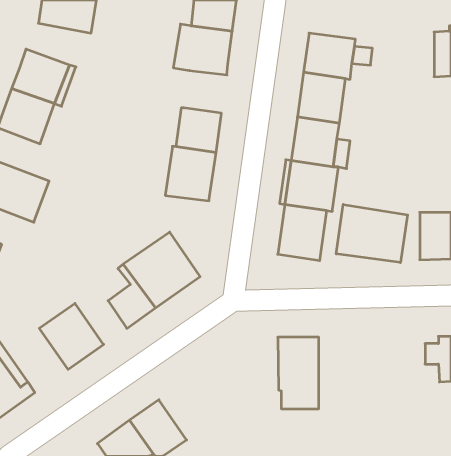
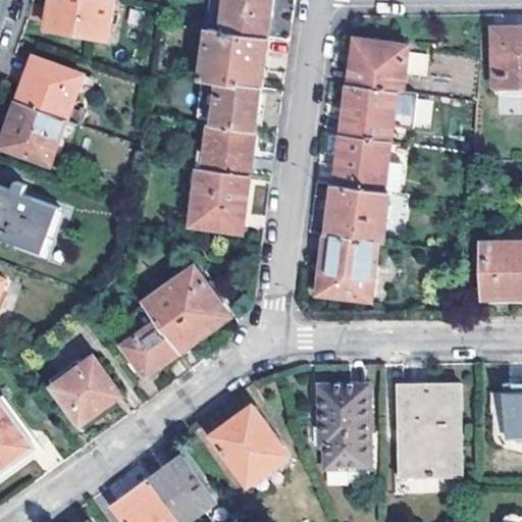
building: none -> [210,81,259,129]
building: [336,204,408,263] -> none
building: none -> [396,384,457,478]
building: none -> [211,407,288,485]

